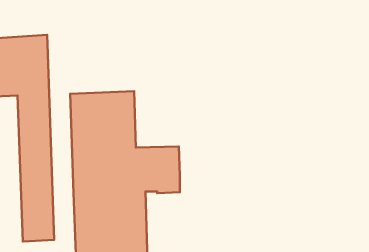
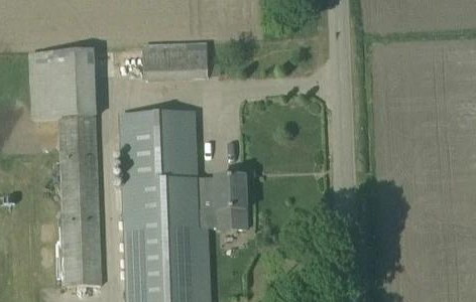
building: none -> [142,42,208,77]

